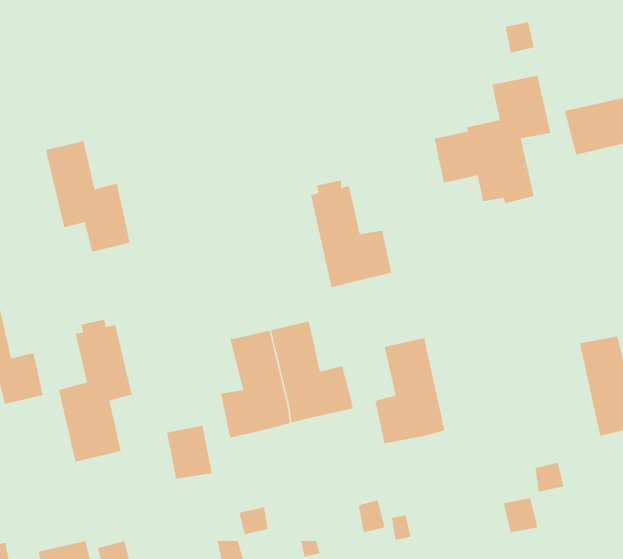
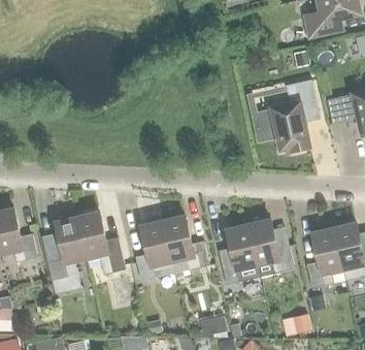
building: [45,141,131,252] -> [77,212,125,274]
building: [310,180,392,288] -> [248,216,294,276]
building: none -> [306,227,345,287]

